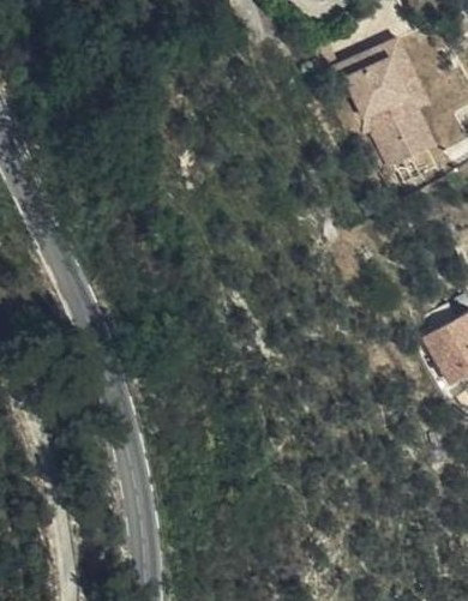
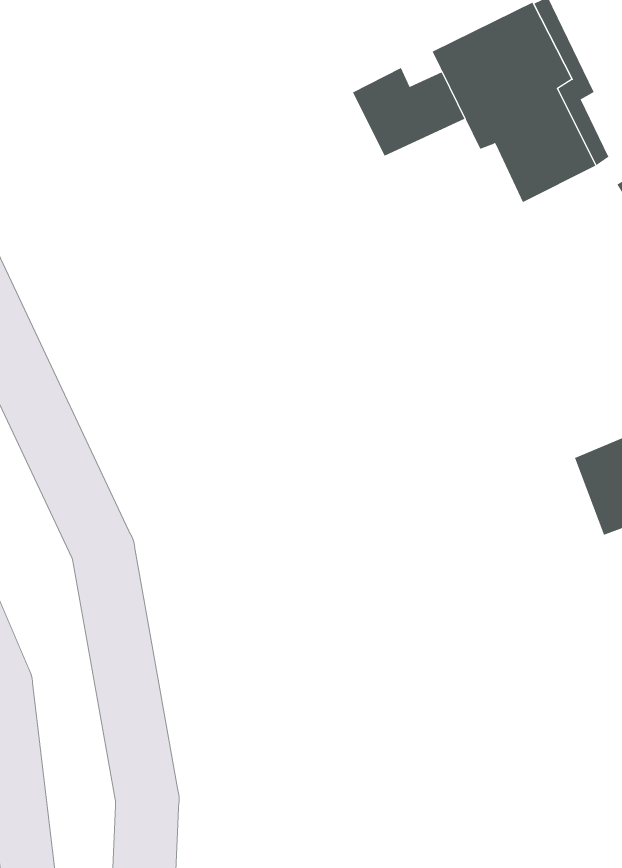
building: none -> [352,67,465,157]

